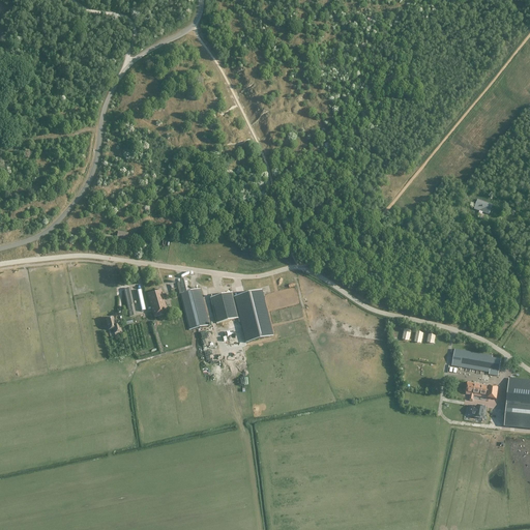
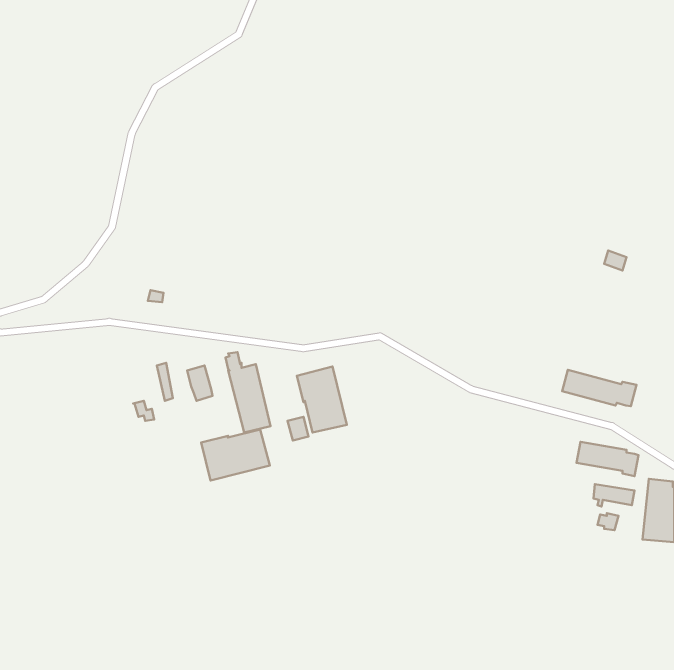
building: [209,290,238,321] -> none
building: none -> [562,370,636,406]
building: none -> [201,430,270,480]

